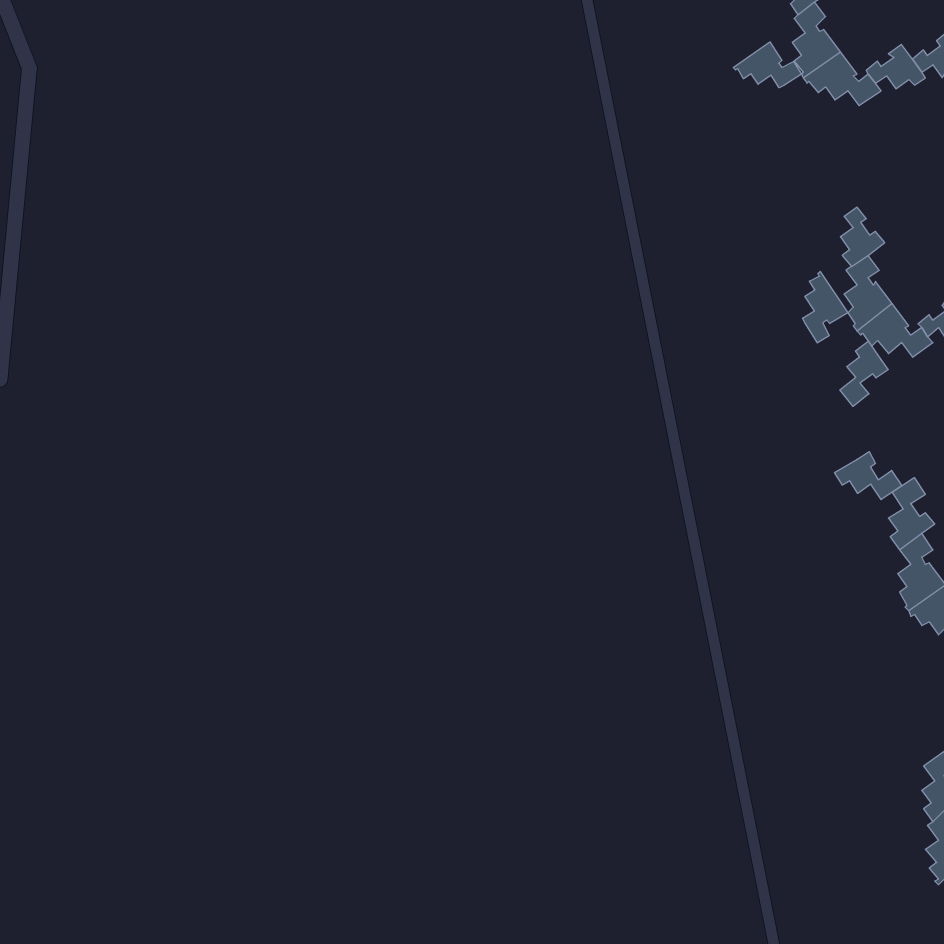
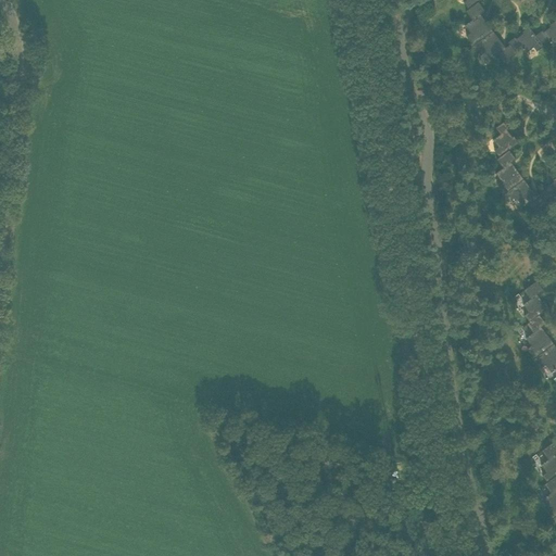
building: [733,42,801,88] -> none
building: [803,271,848,343] -> none
building: [840,341,888,406] -> none
building: [835,452,902,500] -> none

